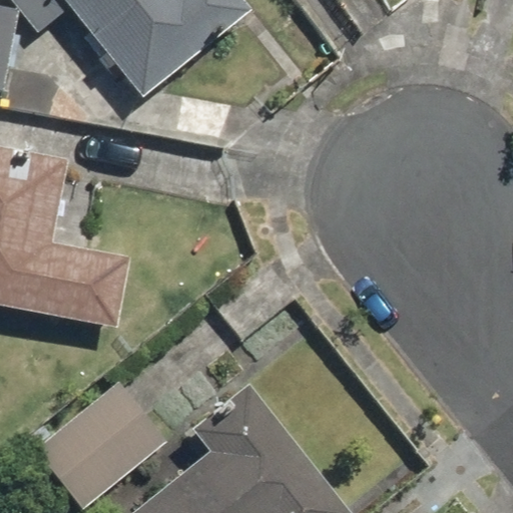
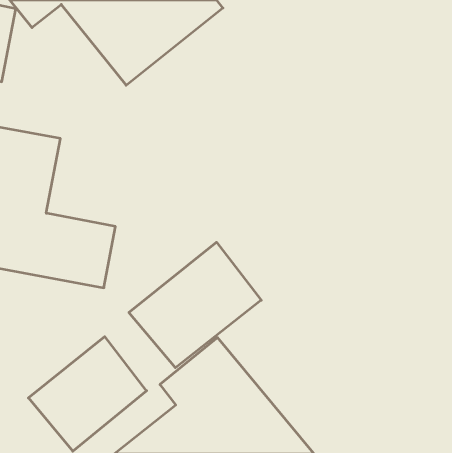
building: none -> [129,242,261,368]

